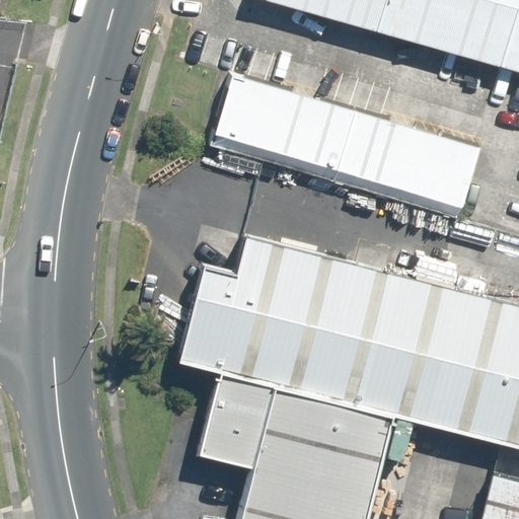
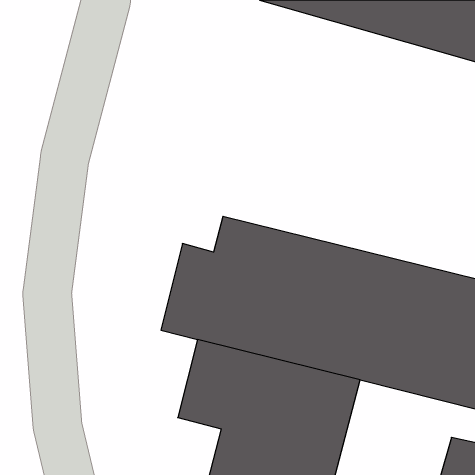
building: [215,73,481,209] -> none

